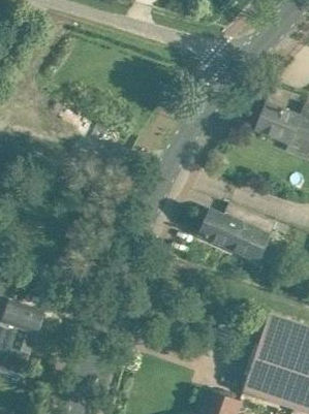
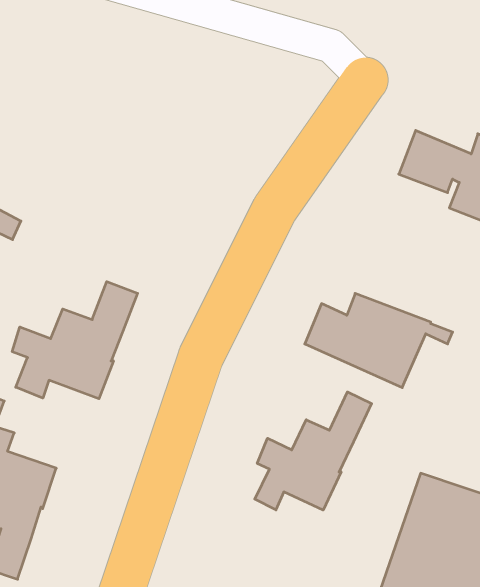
building: none -> [12,282,138,399]
building: none -> [255,392,372,510]

